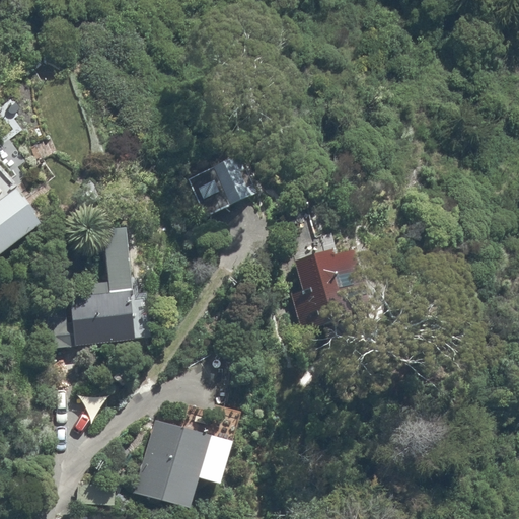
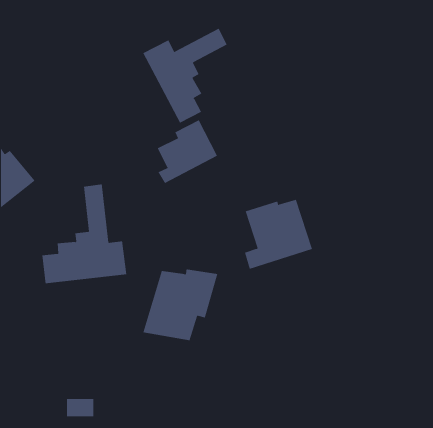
building: none -> [143,28,228,124]
building: [133,419,223,505] -> [143,269,218,341]

